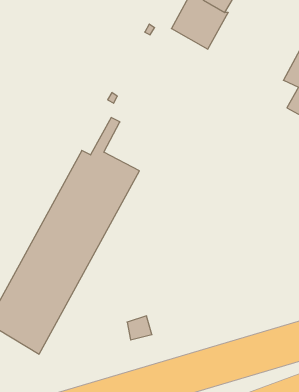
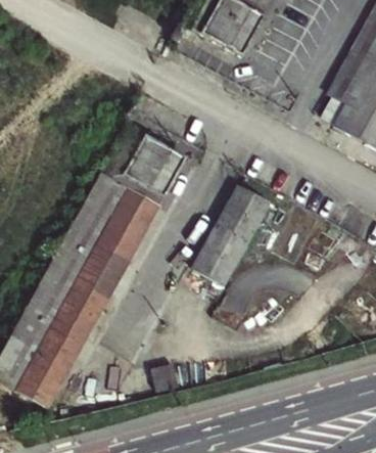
building: none -> [123,136,185,197]
building: none -> [192,187,268,285]

